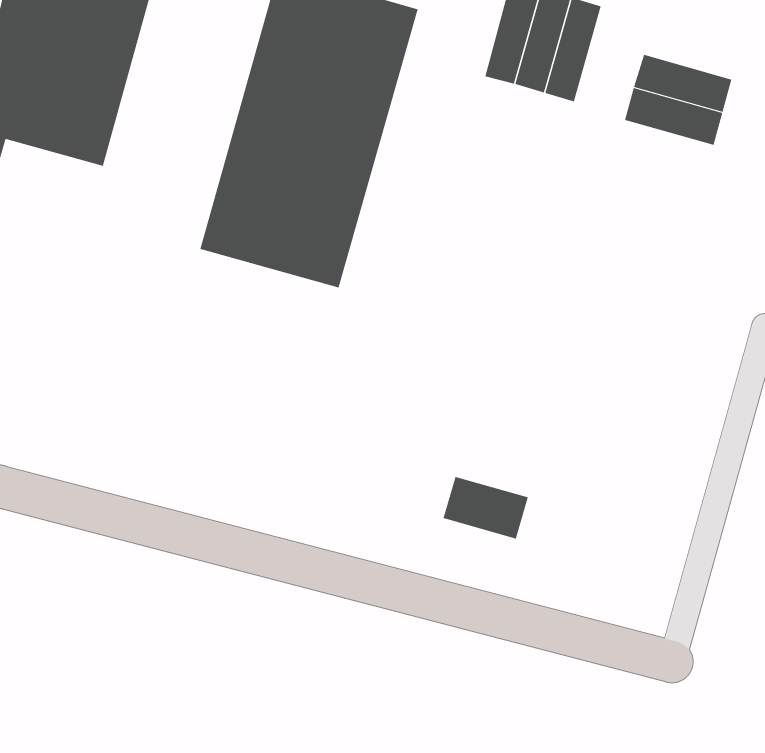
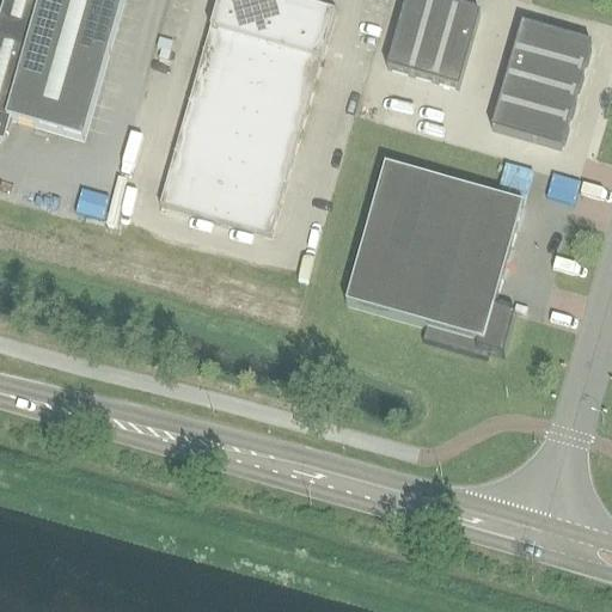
building: none -> [513,17,592,63]
building: none -> [490,96,569,142]
building: none -> [344,159,522,353]
building: [443,476,529,539] -> none

